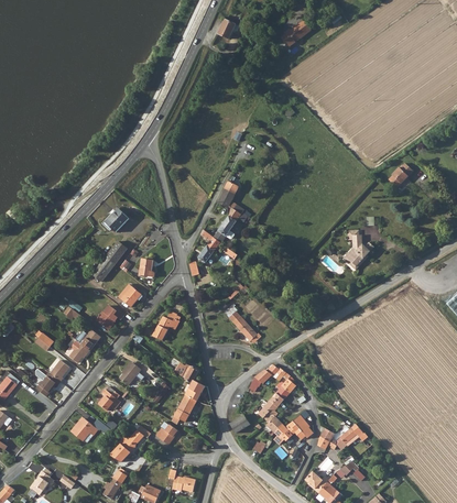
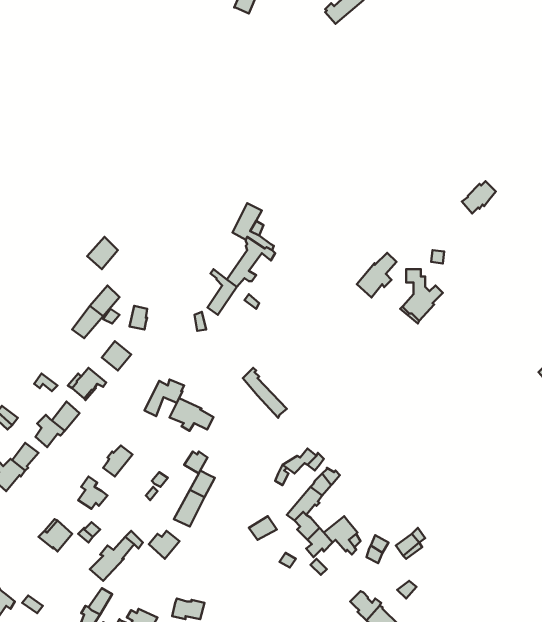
building: none -> [357,253,396,298]
building: none -> [170,398,213,431]

